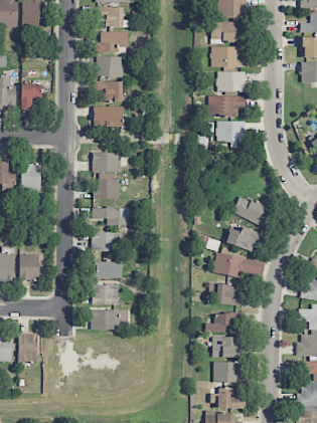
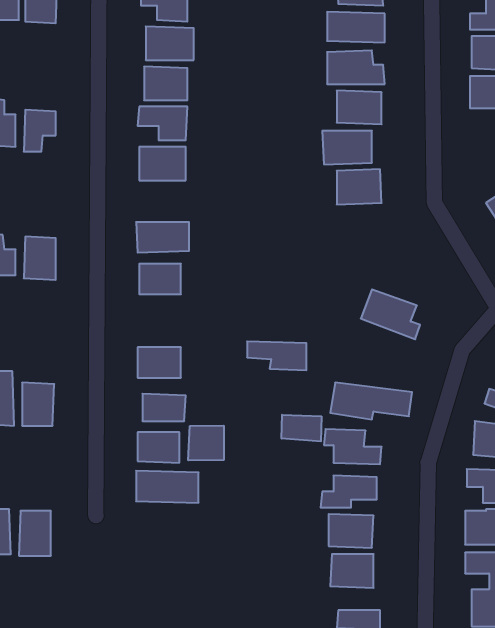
building: [93,207,130,225] -> [247,341,306,370]
building: [226,227,260,250] -> none
building: none -> [282,415,321,441]
building: none -> [188,426,224,460]

